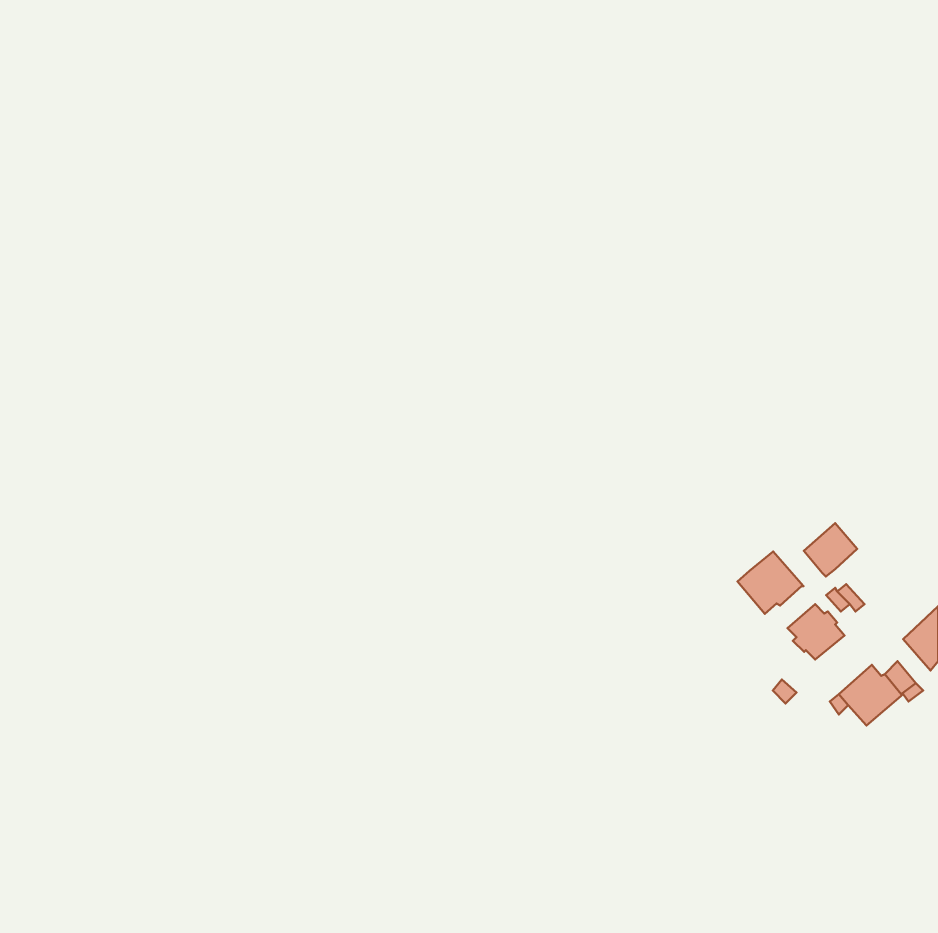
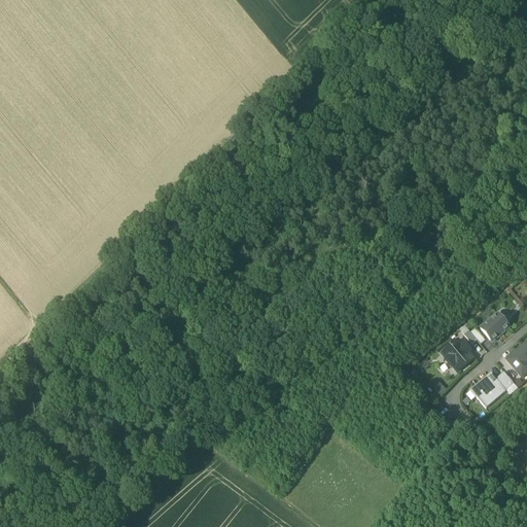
building: [804,523,857,576] -> [480,311,510,341]
building: [738,552,804,614] -> none

